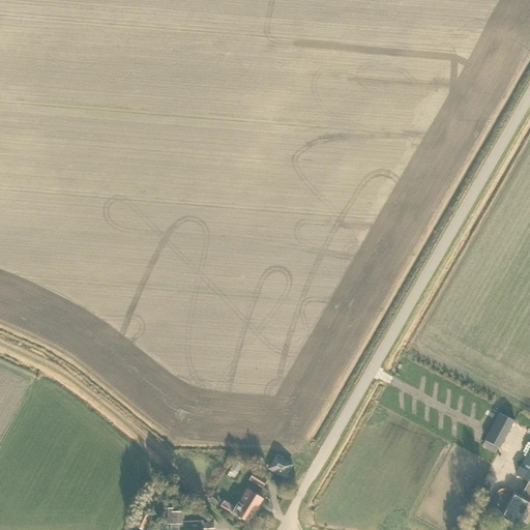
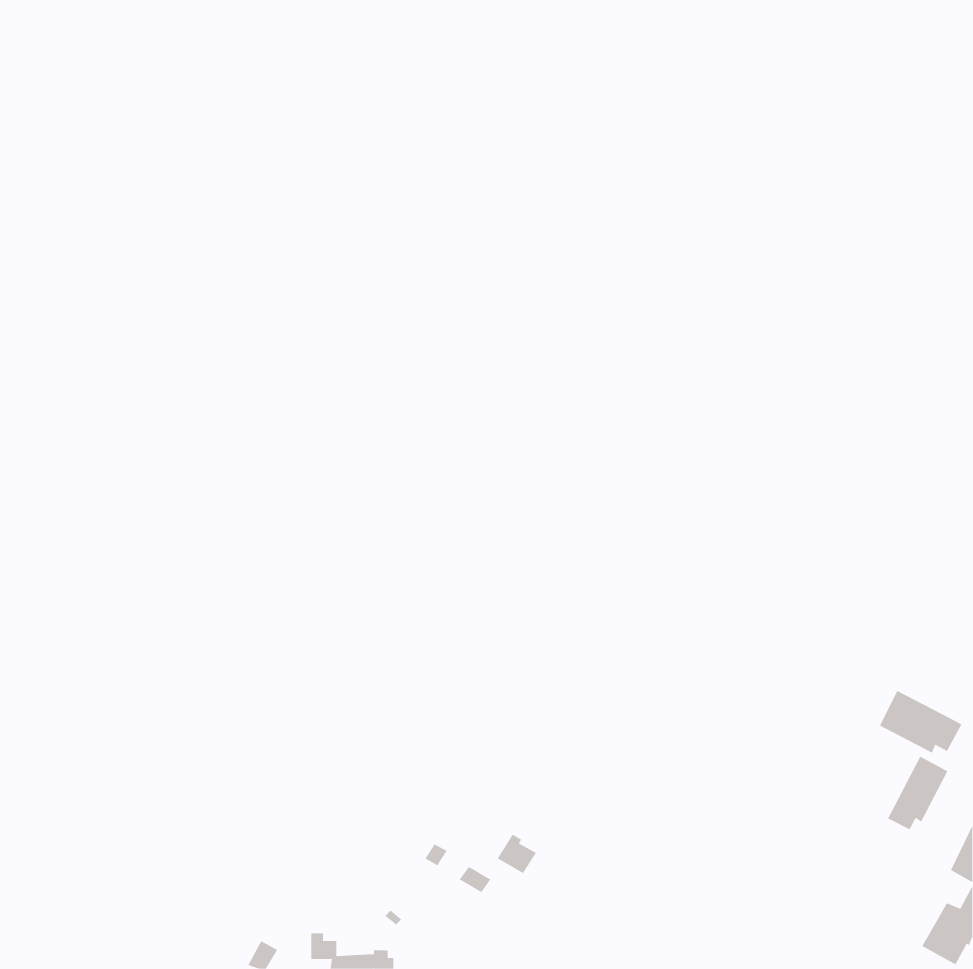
building: none -> [879,690,962,753]
building: [222,488,264,522] -> none

